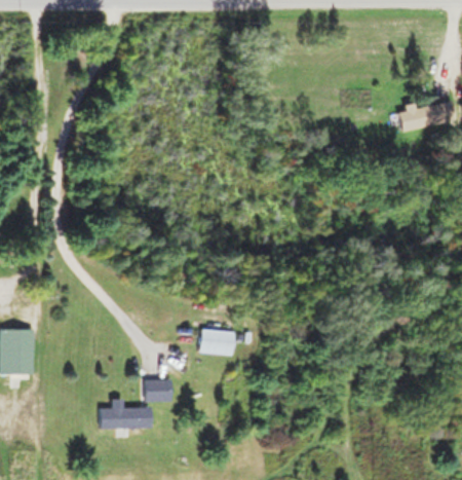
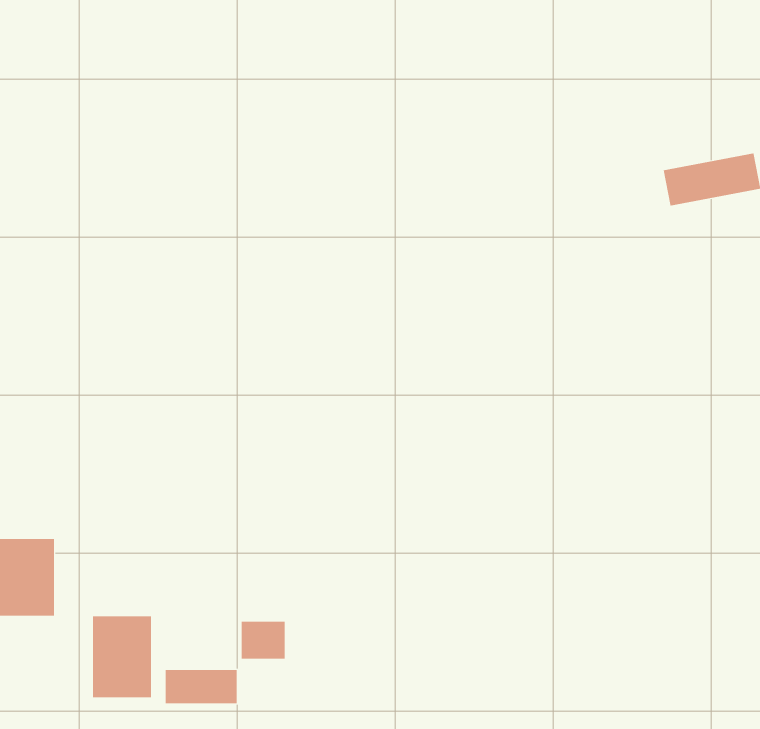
building: [198,329,232,355] -> none
building: none -> [93,616,152,698]

